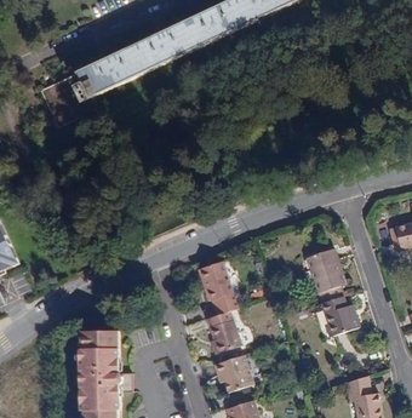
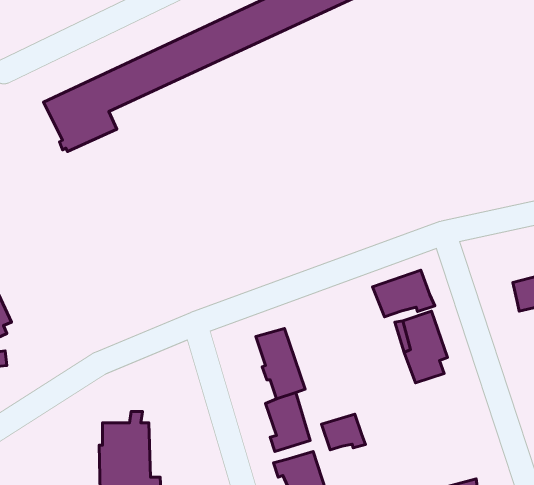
building: none -> [373,270,435,317]
building: [320,296,357,336] -> none
building: none -> [321,414,365,450]

